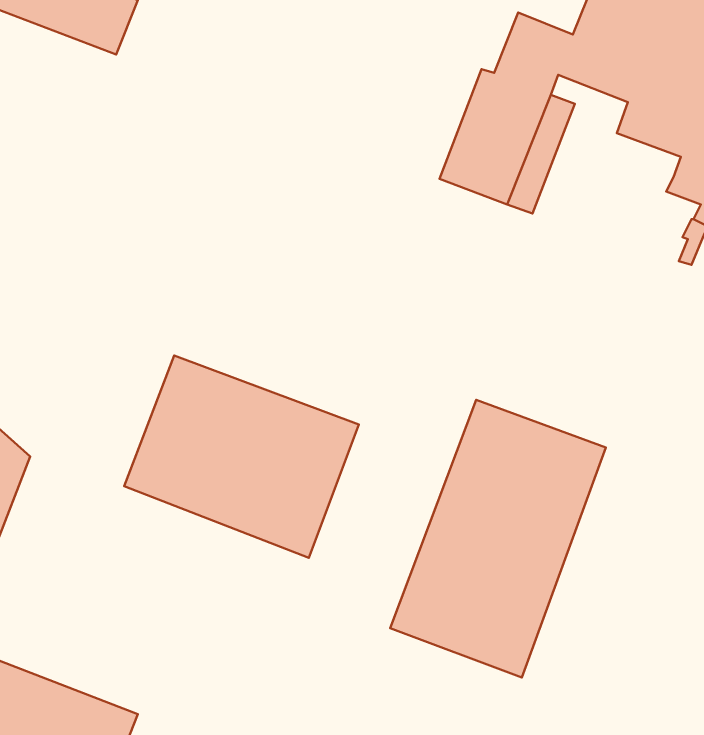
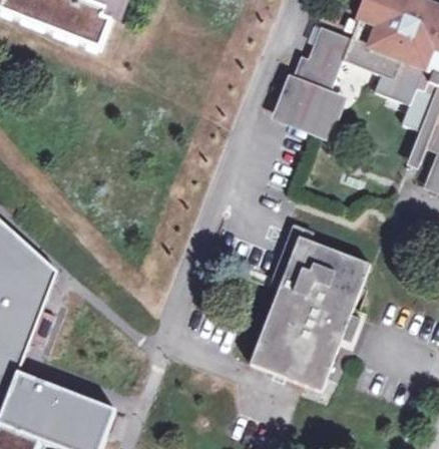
building: [124,355,359,558] -> none

